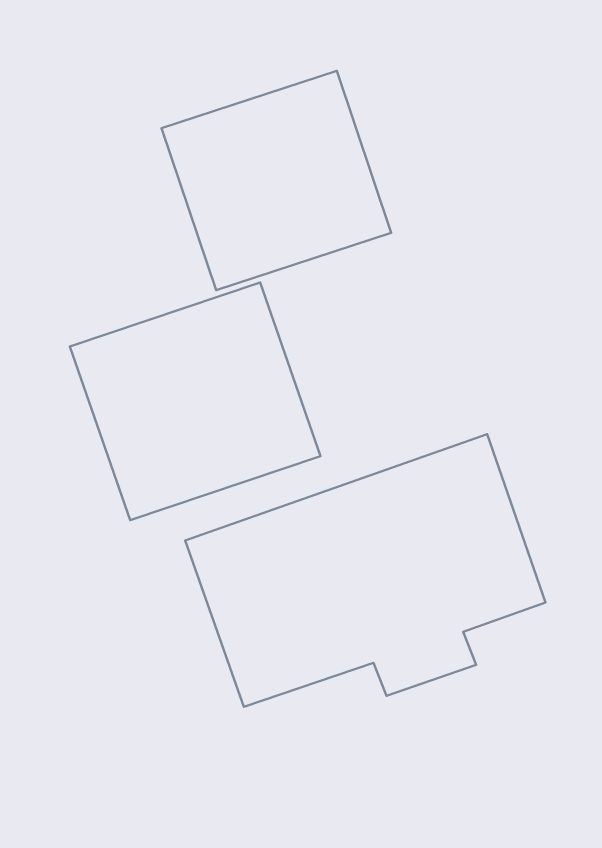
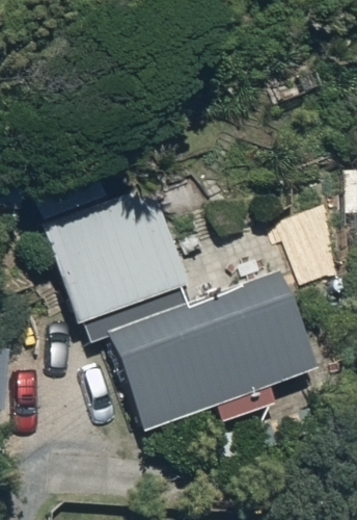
building: [162,71,391,290] -> none

